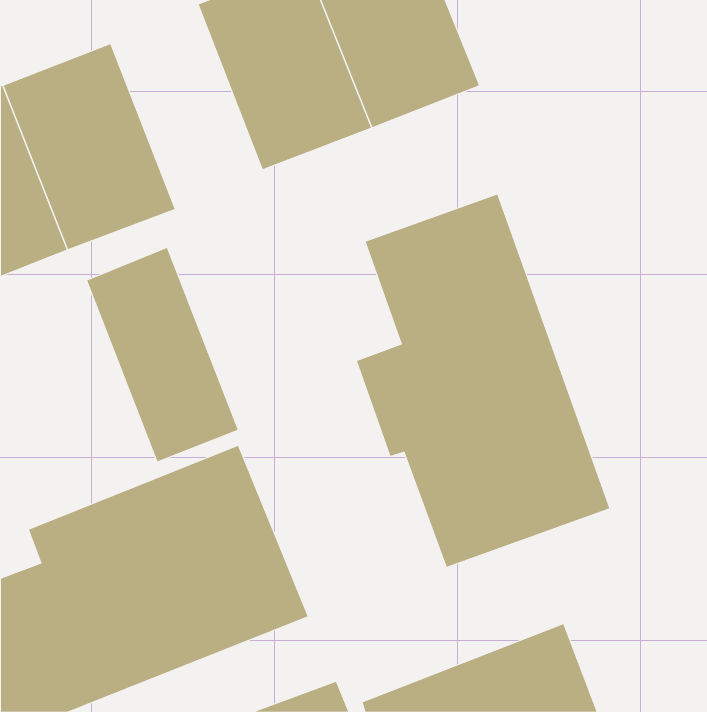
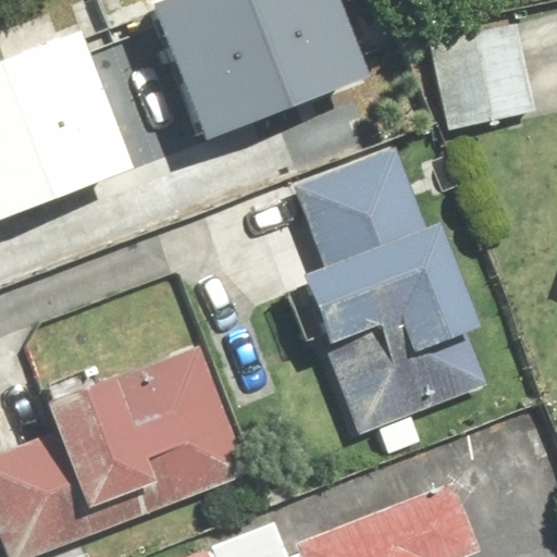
building: none -> [424,20,534,134]
building: [87,247,239,462] -> none

